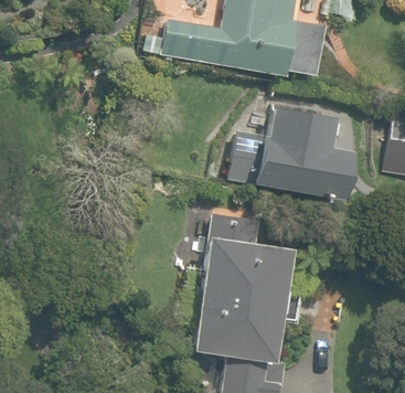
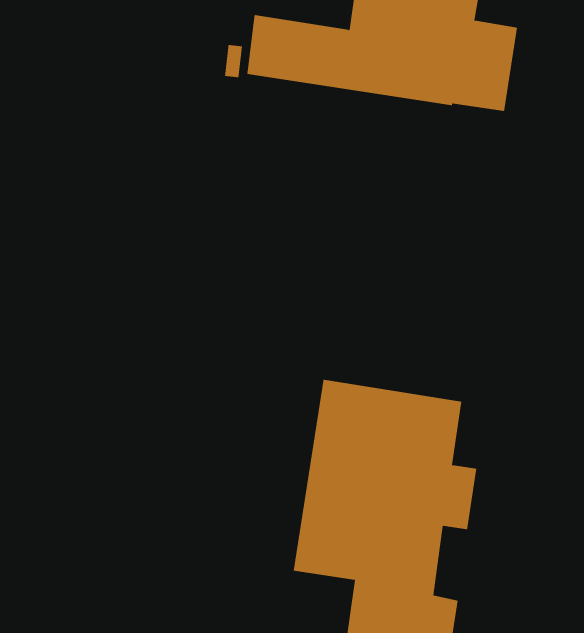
building: [231,106,351,200] -> none

